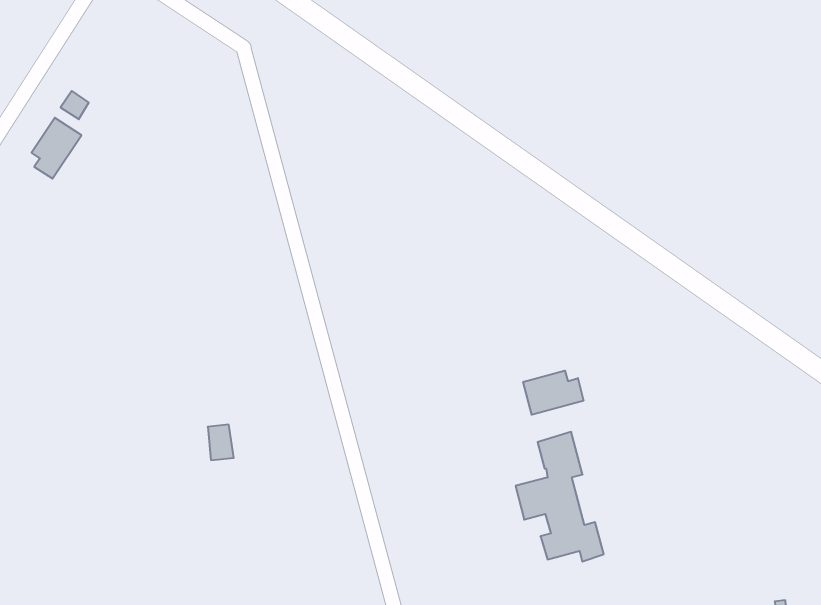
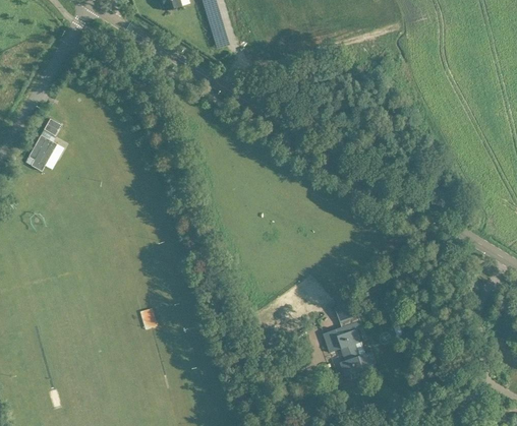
building: [523,371,583,415] -> none

